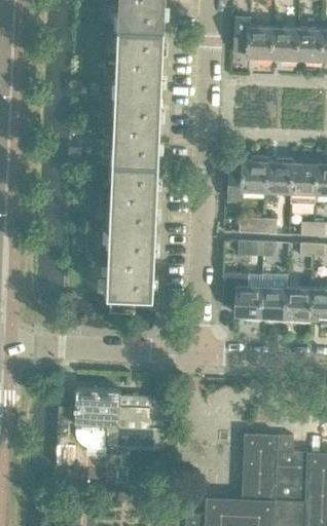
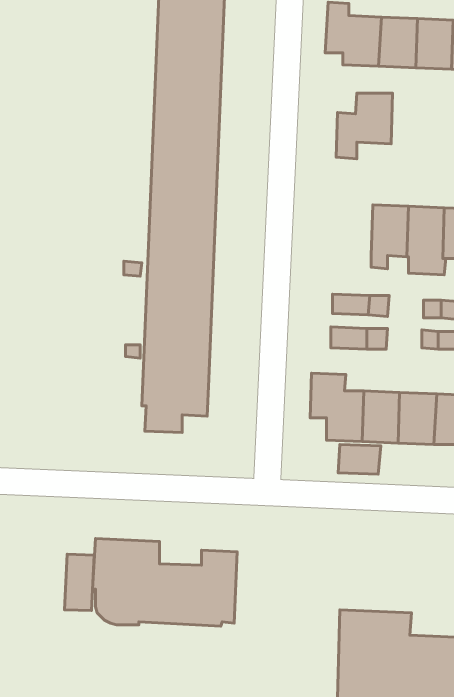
building: [227,156,266,201] -> [336,93,393,159]
building: none -> [338,444,381,474]
building: none -> [64,554,94,611]

